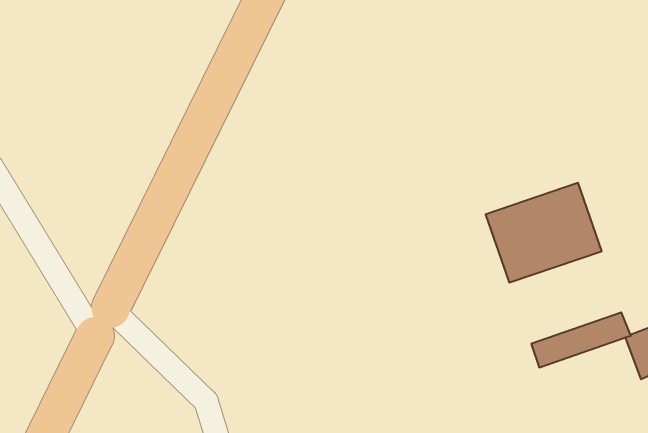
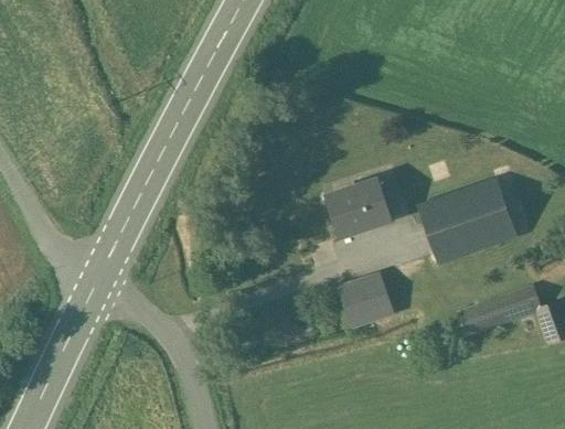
building: none -> [327,180,391,236]
building: none -> [340,276,390,324]

